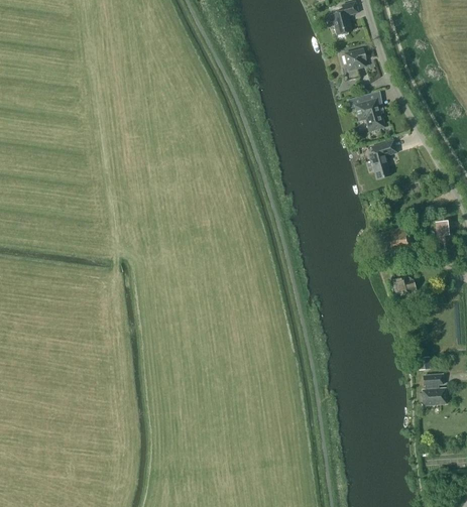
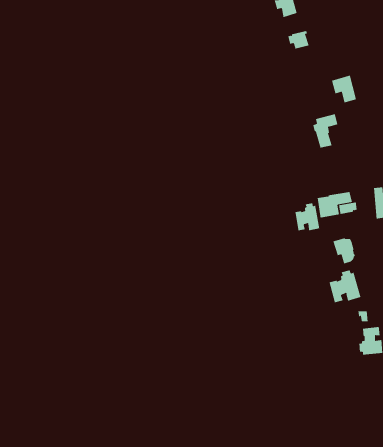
building: [356,98,384,129] -> [331,75,357,103]
building: none -> [295,203,320,231]
building: none -> [329,269,361,303]

